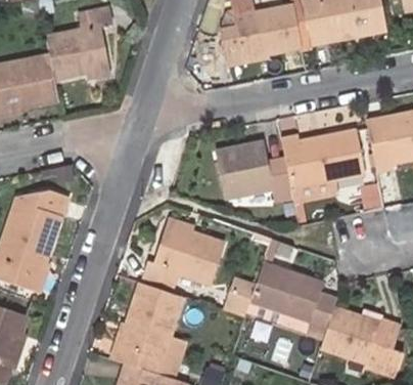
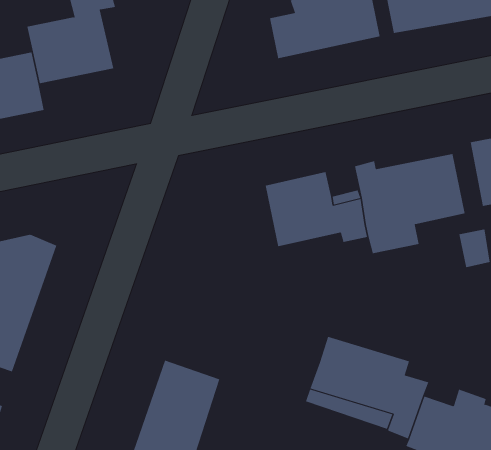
building: [144,224,225,287] -> none
building: [222,275,257,312] -> none

